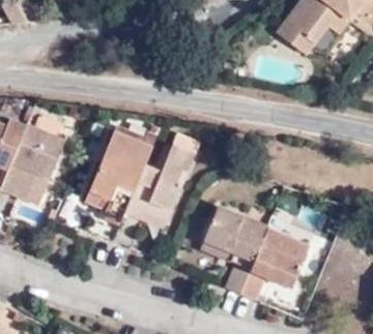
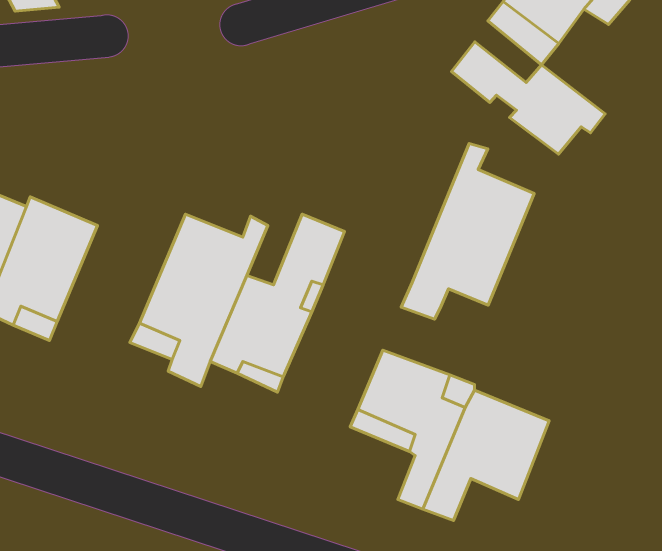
building: none -> [451,42,605,154]
building: none -> [401,143,534,319]

